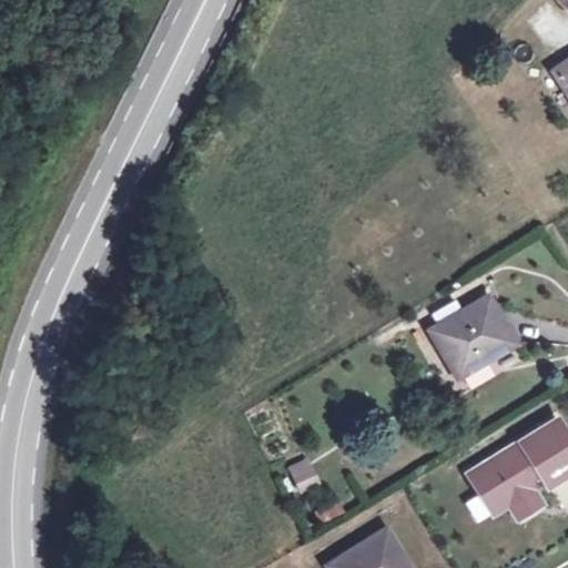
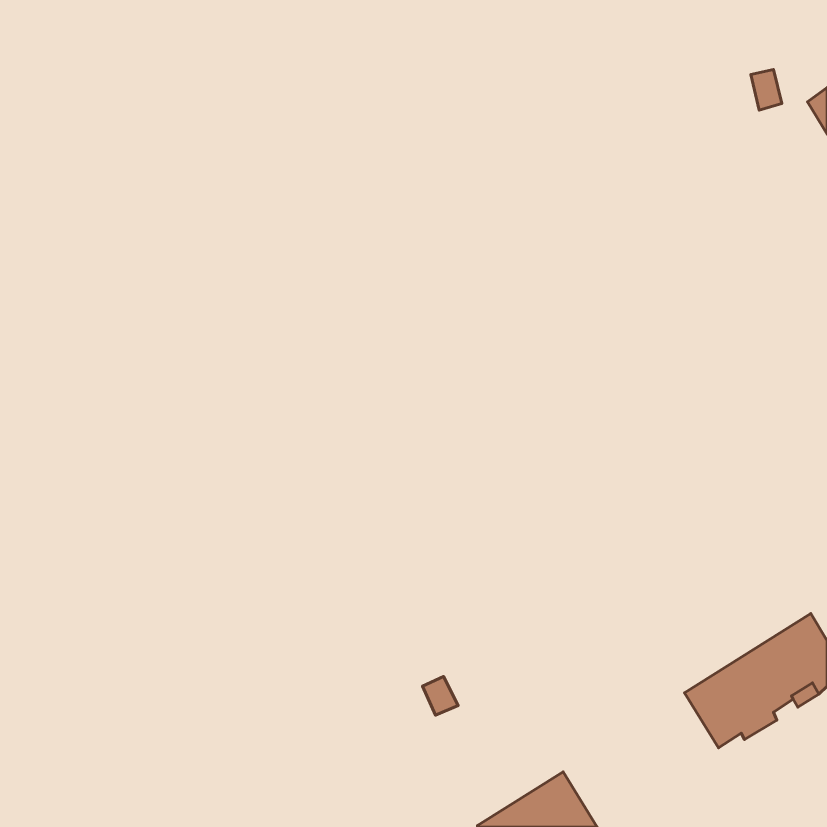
building: [429,296,516,377] -> none

